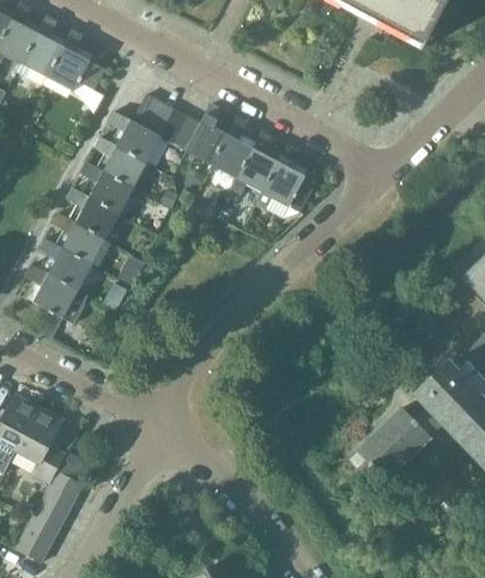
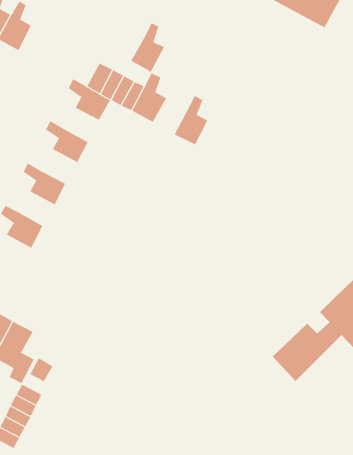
building: [48,30,90,91] -> none
building: [212,118,254,180] -> [131,22,165,73]
building: [93,138,146,189] -> none
building: [263,146,305,207] -> none
building: [66,189,120,239] -> none
building: [38,239,92,291] -> none

